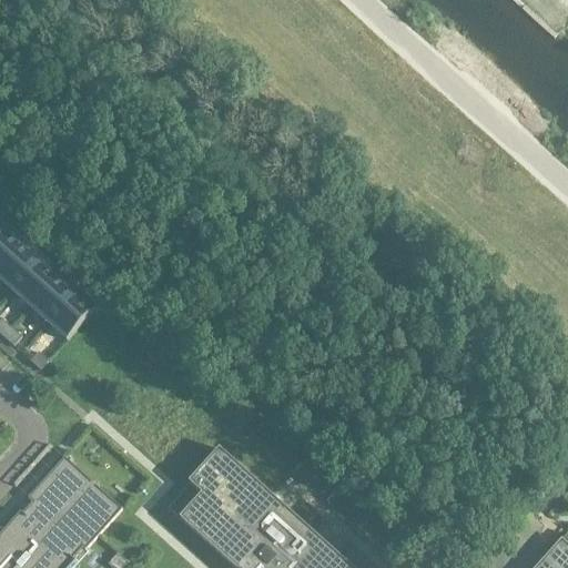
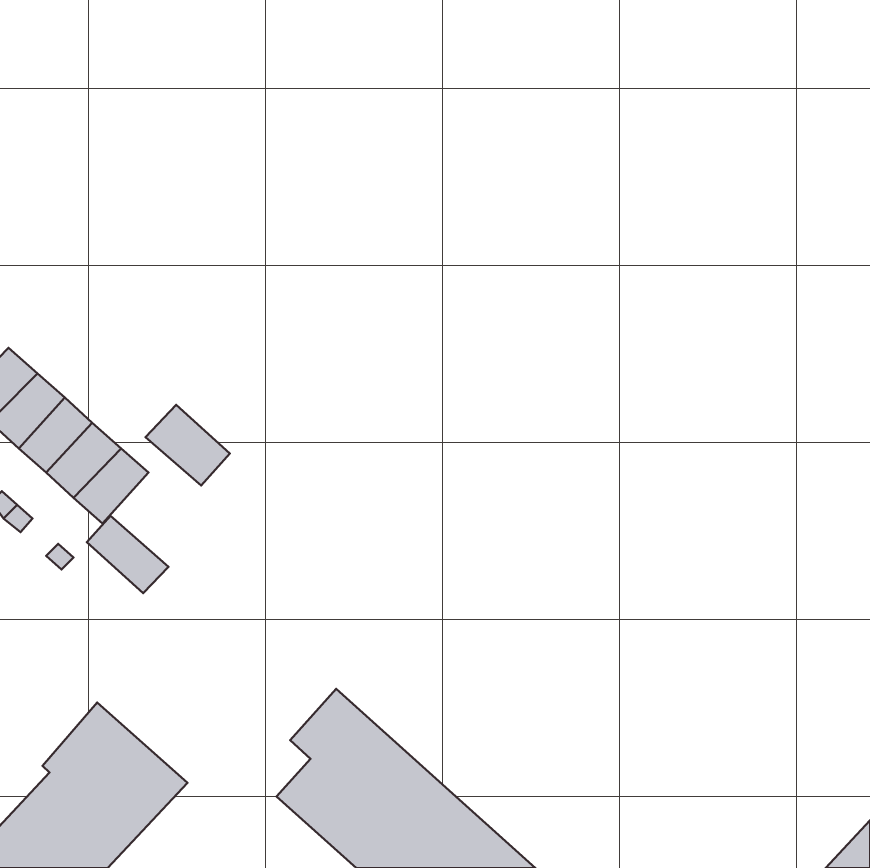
building: none -> [145,405,230,486]
building: none -> [87,516,169,593]

